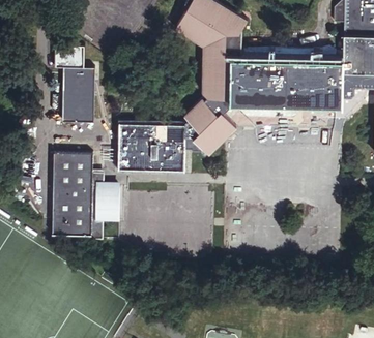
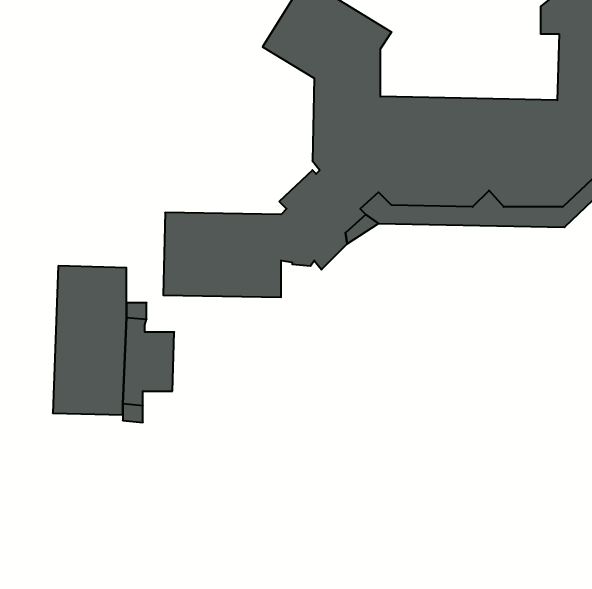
building: [67,68,99,122] -> none

